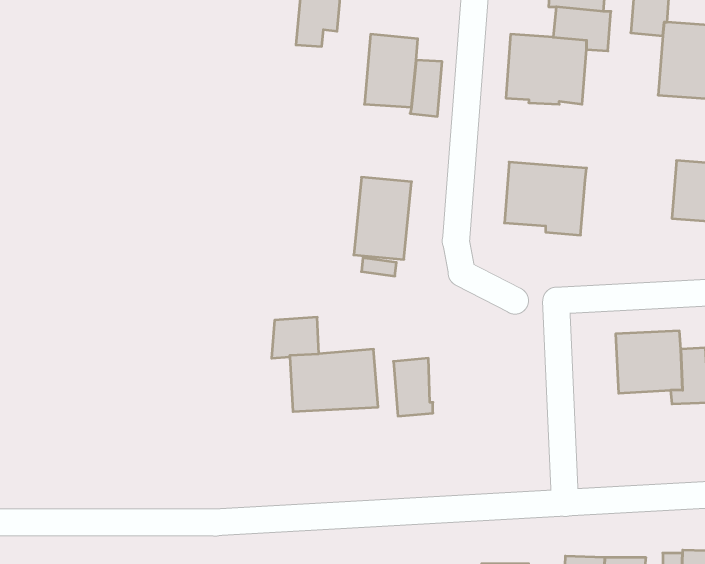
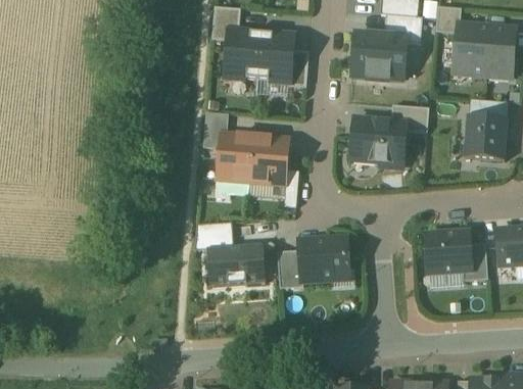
building: none -> [226,30,262,80]
building: none -> [391,105,429,133]
building: none -> [216,125,255,181]
building: none -> [299,239,348,280]

